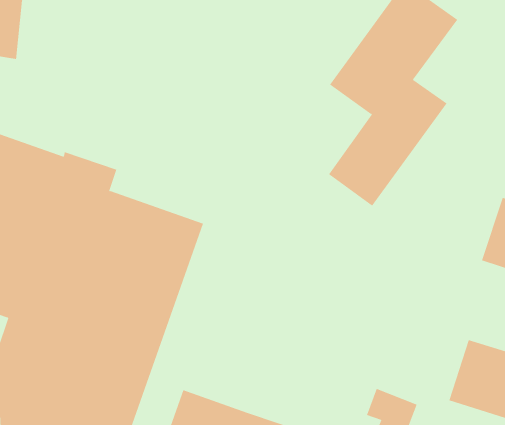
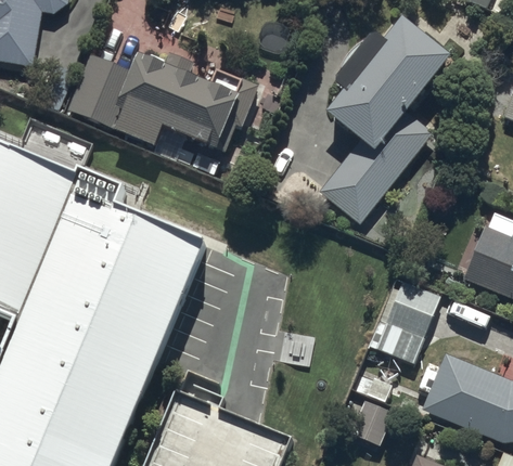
building: none -> [69,51,260,153]
building: none -> [370,281,441,364]

